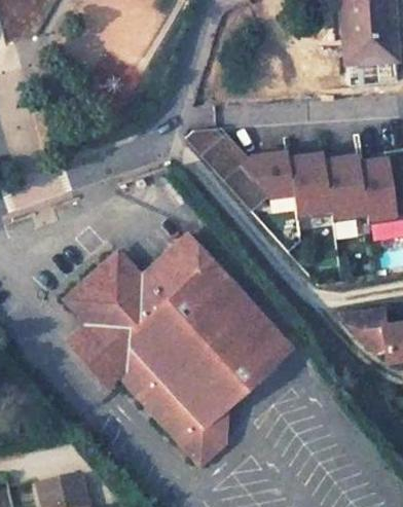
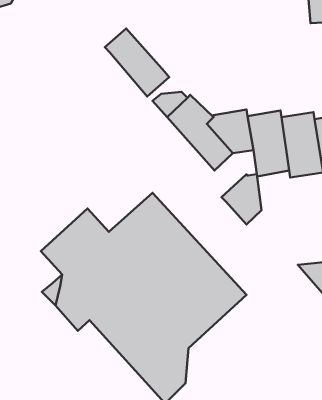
building: none -> [105,28,169,96]
building: none -> [221,174,261,224]

